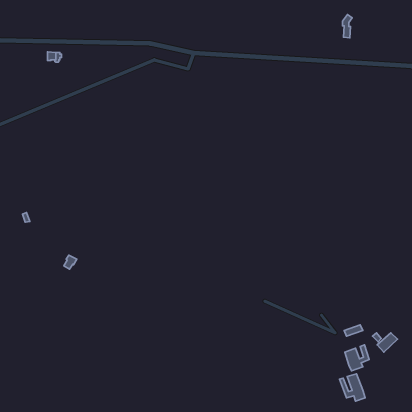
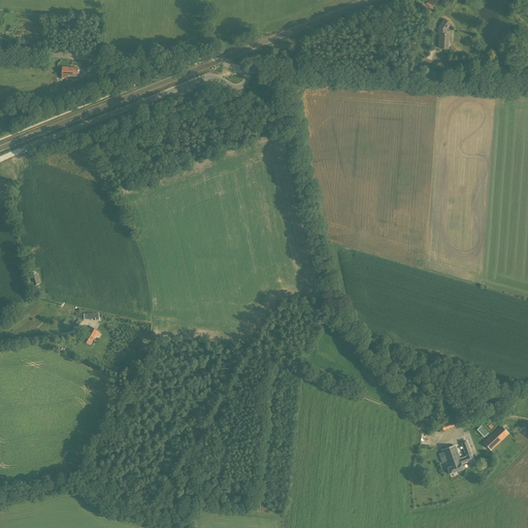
building: [340,374,365,401] -> none

